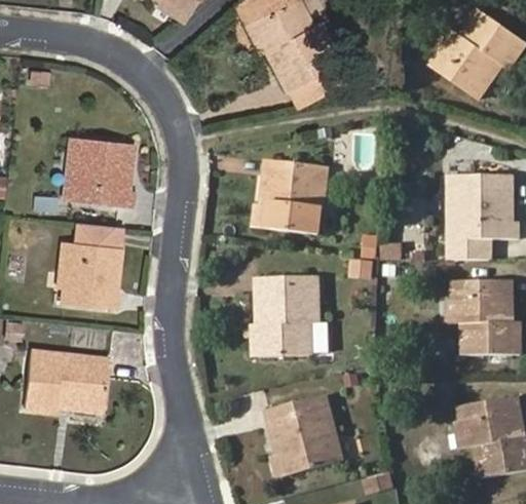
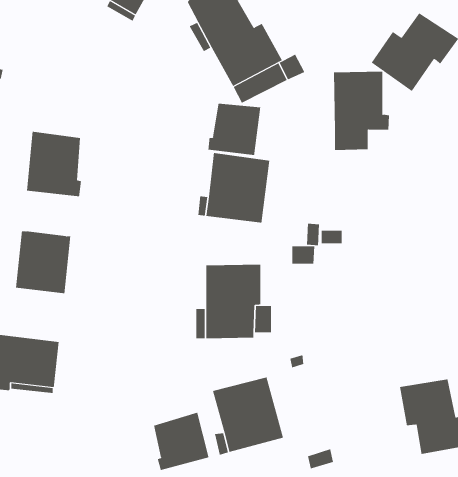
building: none -> [208,103,261,156]
building: [458,177,518,260] -> [333,71,390,151]
building: [71,223,116,247] -> none
building: [454,280,516,353] -> none
building: none -> [153,412,209,471]

